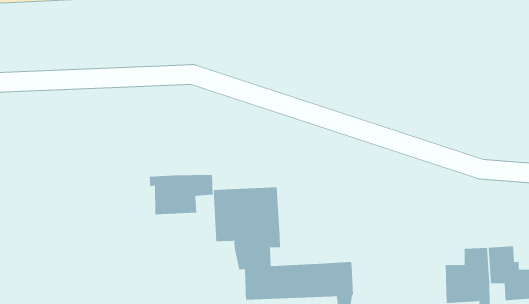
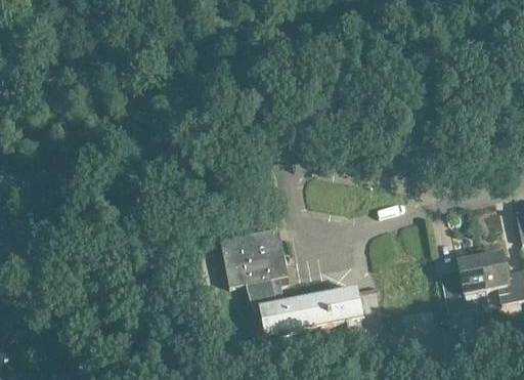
building: [149,174,213,215] -> none

